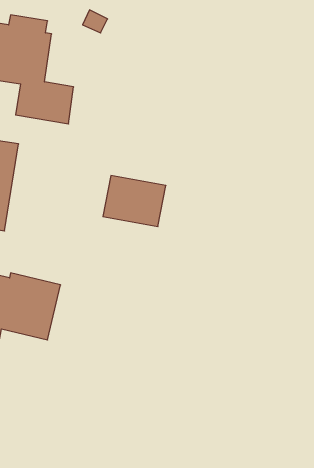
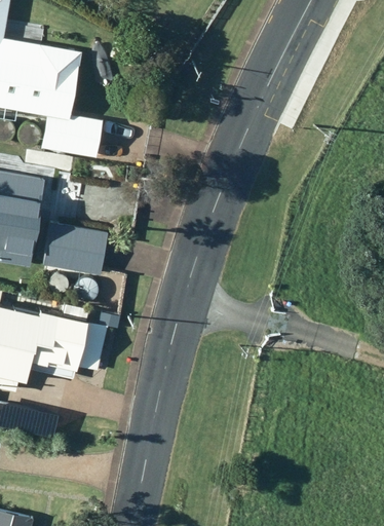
building: [103,176,166,227] -> [43,223,108,275]

